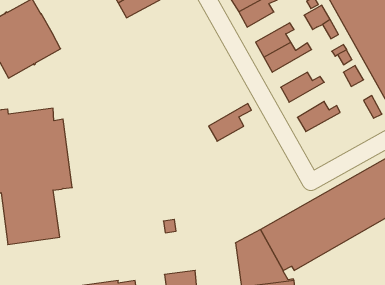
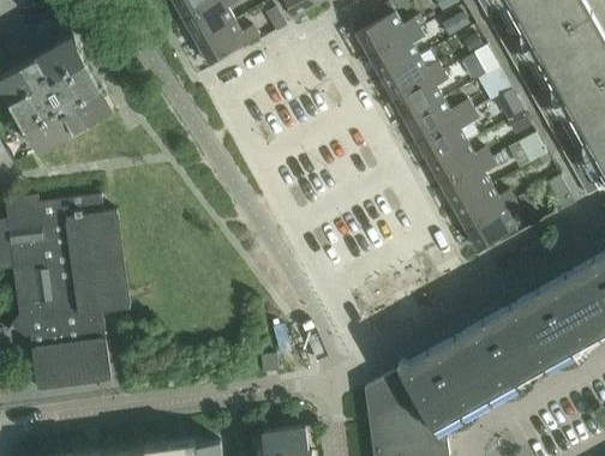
building: none -> [381,55,442,98]
building: none -> [441,156,496,206]
building: [209,104,251,141] -> [417,109,478,163]
building: none -> [465,199,531,250]

